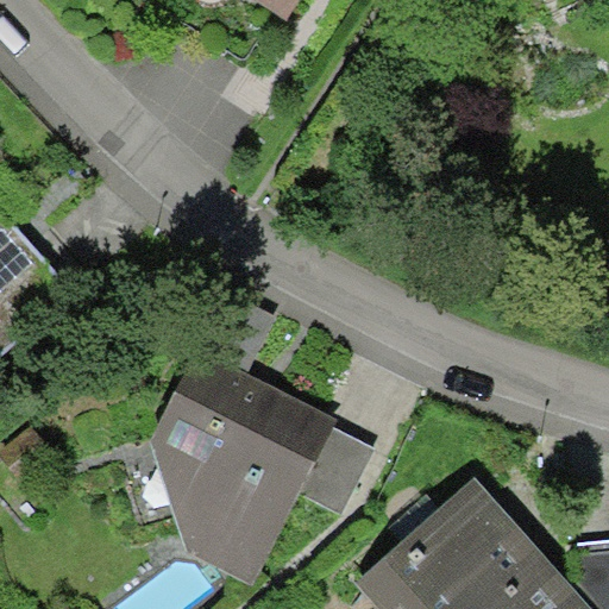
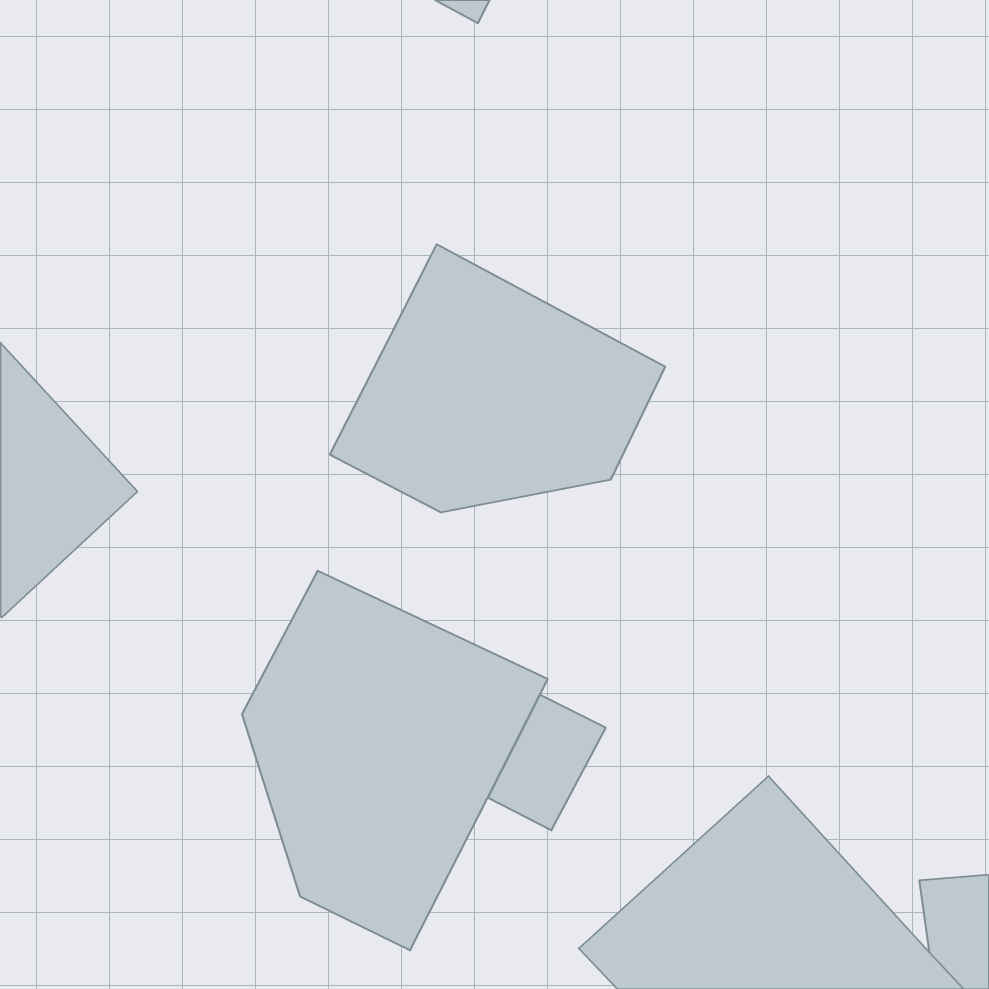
building: none -> [330,244,665,512]

